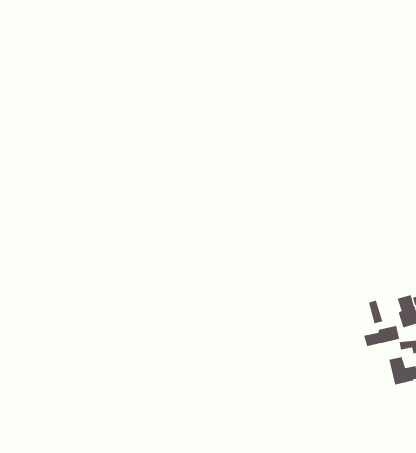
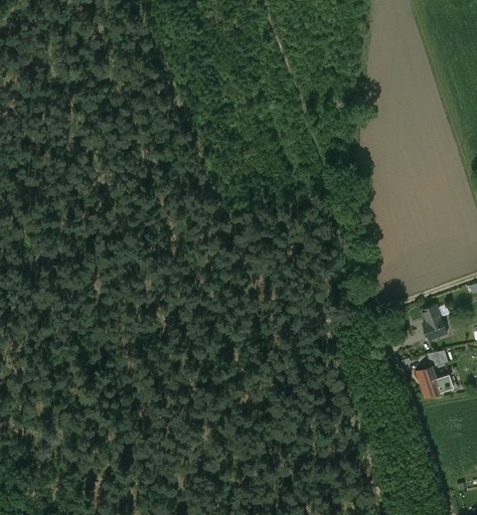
building: [364,325,400,347] -> none

